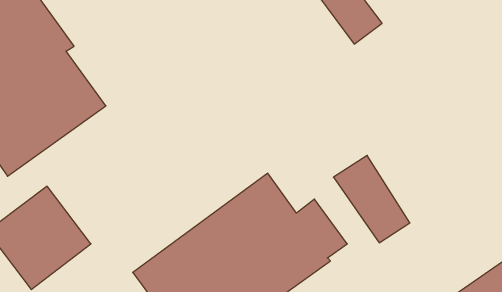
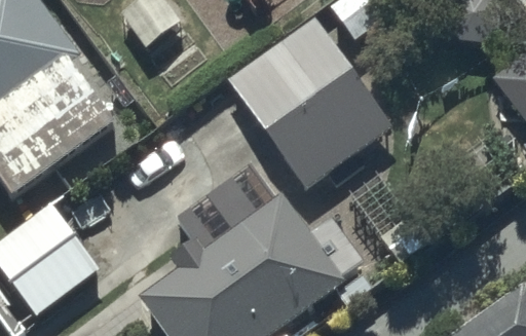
building: none -> [231,26,377,187]

